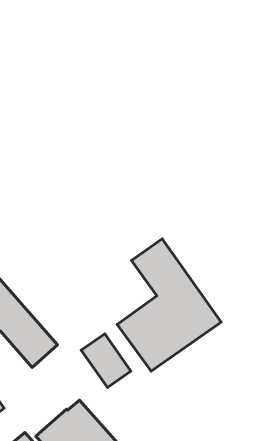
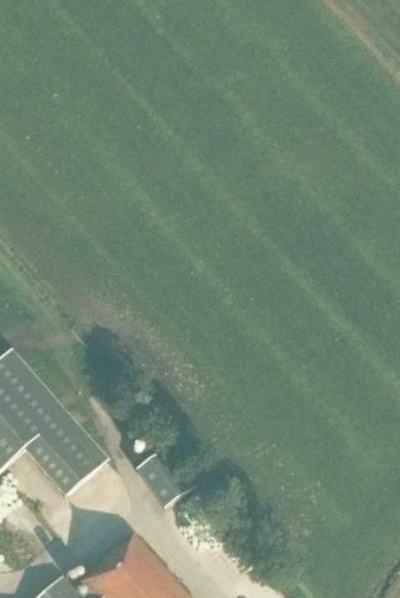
building: [117,239,221,371] -> none

